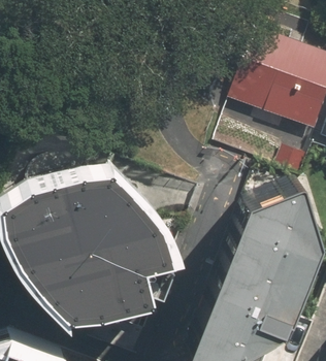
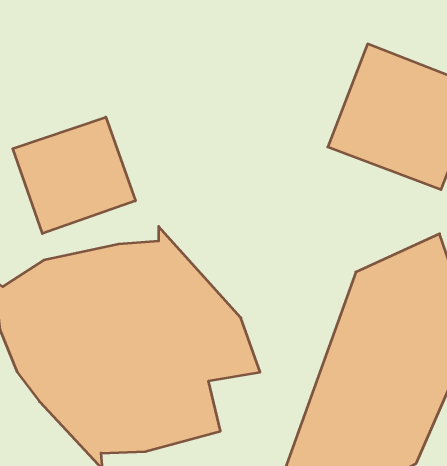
building: none -> [13,117,135,234]

